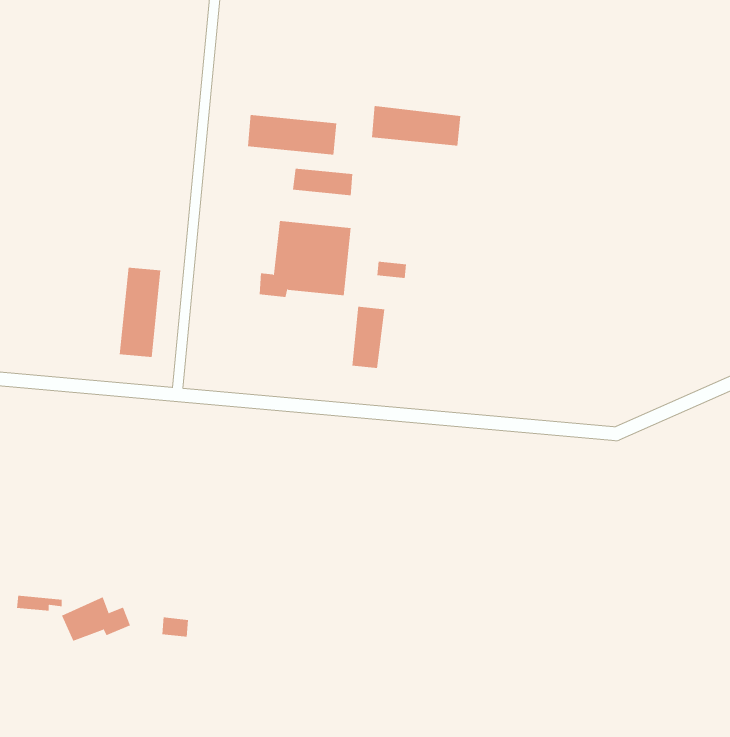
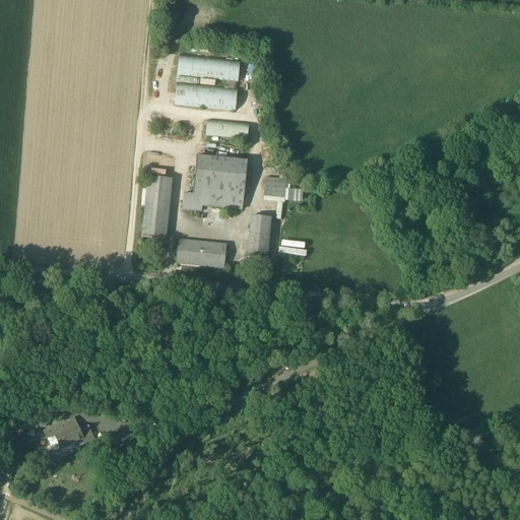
building: [371,106,461,146] -> [177,52,240,80]
building: [119,267,161,357] -> [142,175,172,238]
building: none -> [176,239,225,266]

